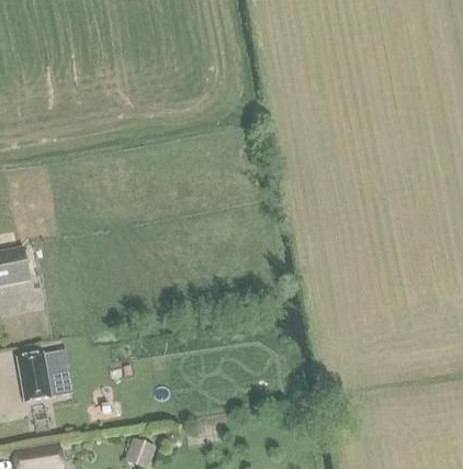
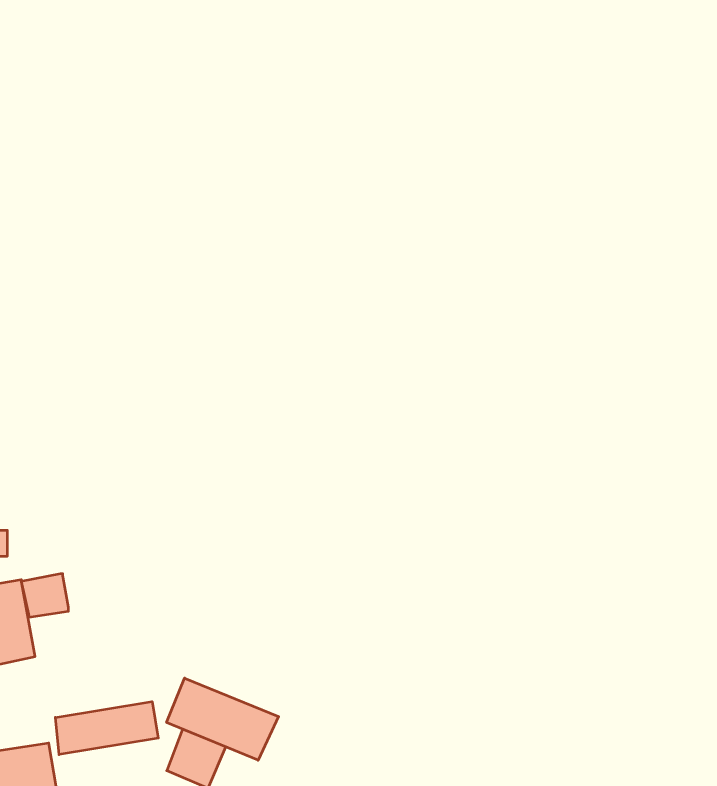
building: none -> [167,678,279,760]
building: none -> [55,702,158,755]

